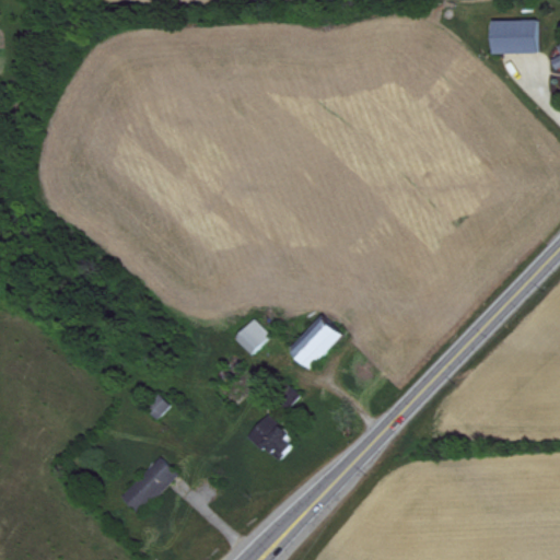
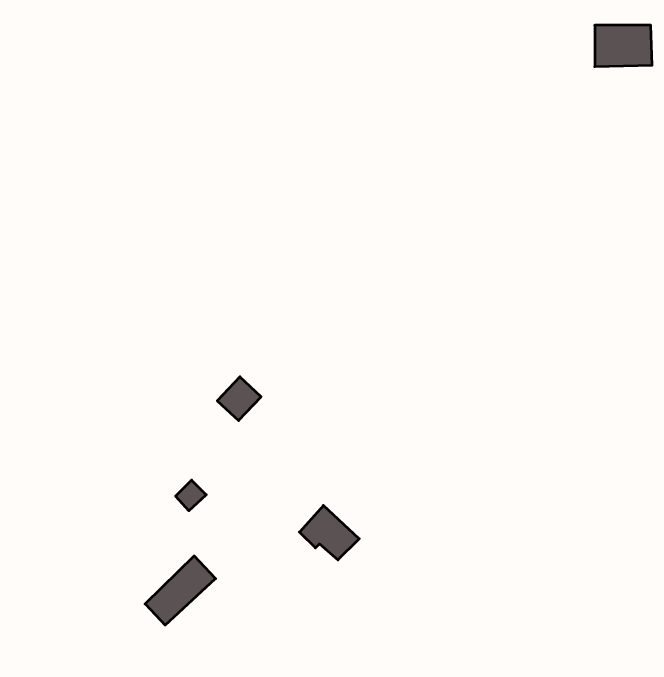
building: [290,315,342,369] -> none
building: [233,319,269,355] -> [217,377,261,421]

